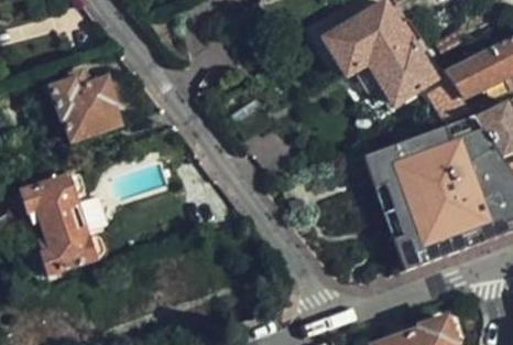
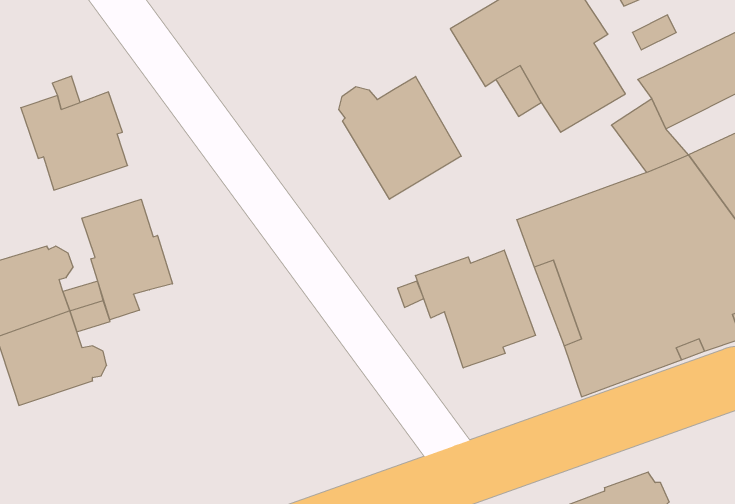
building: none -> [339,76,461,199]
building: none -> [82,199,172,320]
building: none -> [415,250,535,368]

